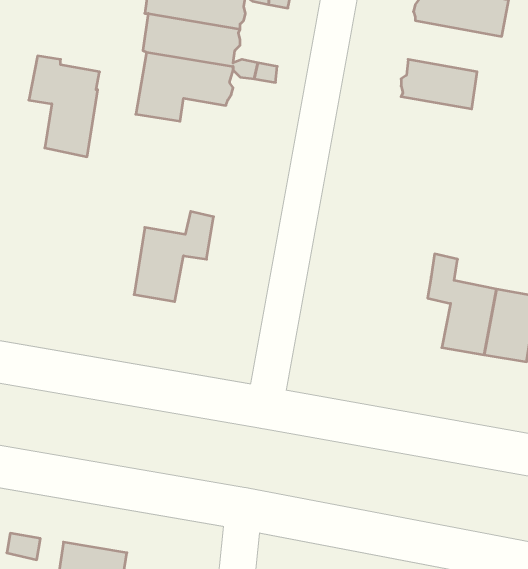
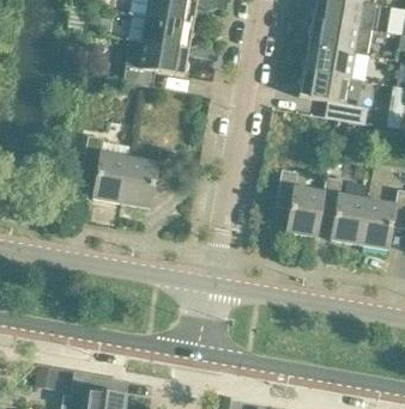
building: none -> [308,18,371,54]
building: [29,56,100,157] -> [83,135,131,203]
building: none -> [300,69,368,124]
building: none -> [277,169,324,237]

